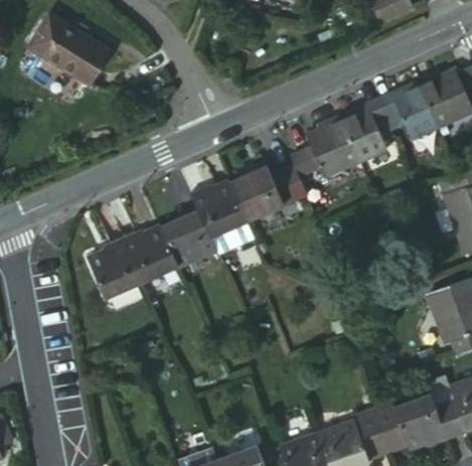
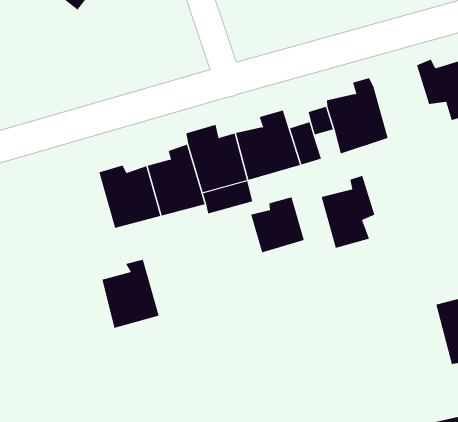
building: [347,95,396,160] -> [321,175,375,248]
building: none -> [251,197,304,253]
building: [90,222,143,285] -> [102,259,159,329]

